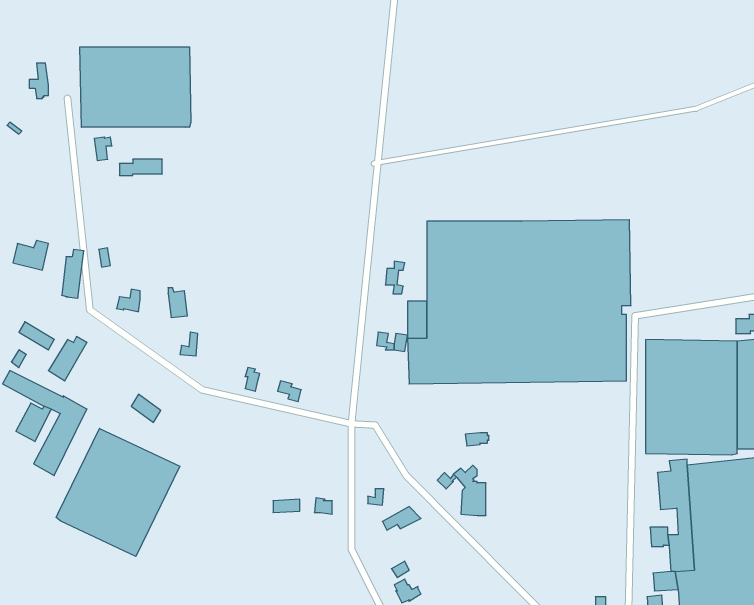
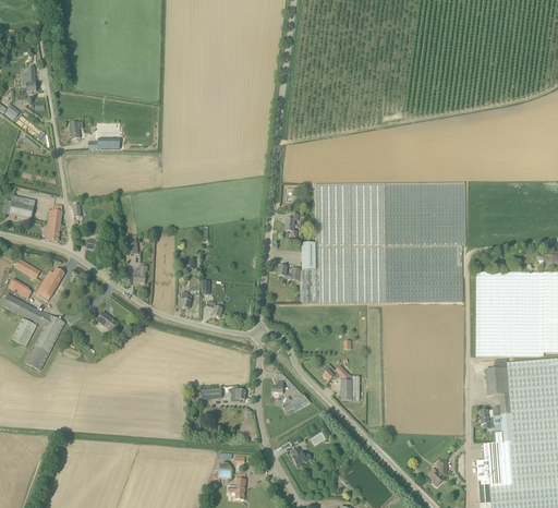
building: [80,47,191,127] -> none
building: [56,428,180,556] -> none

